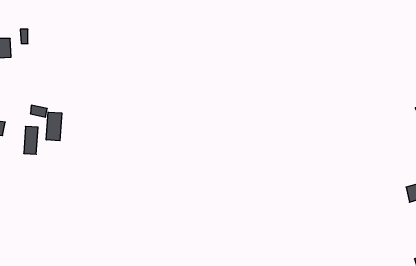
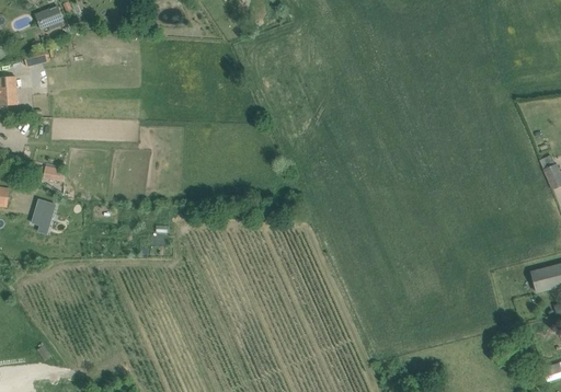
building: [46,112,62,141] -> none

